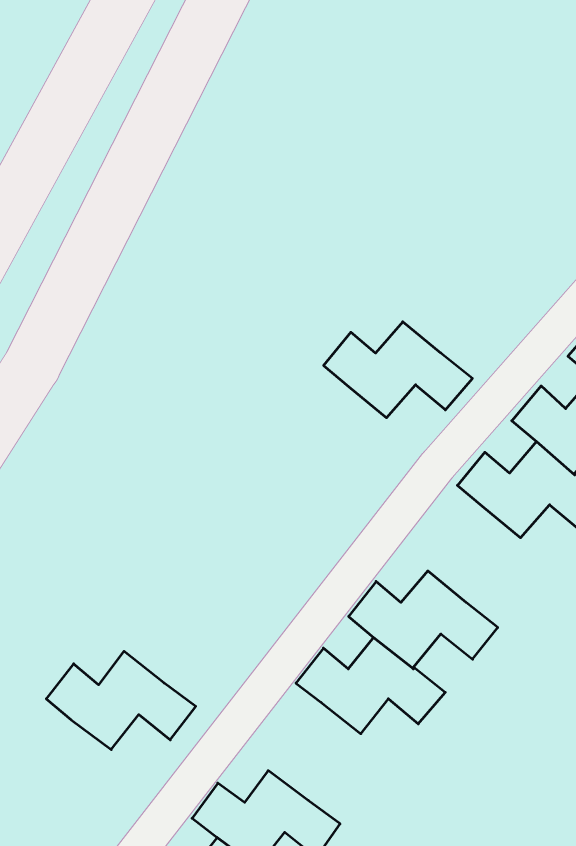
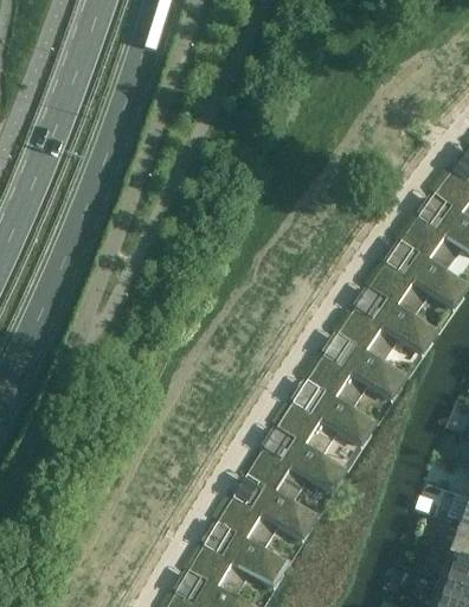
building: [324,322,472,418] -> [307,345,405,409]
building: [46,651,196,750] -> [217,485,315,550]

